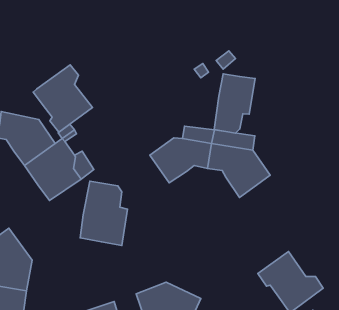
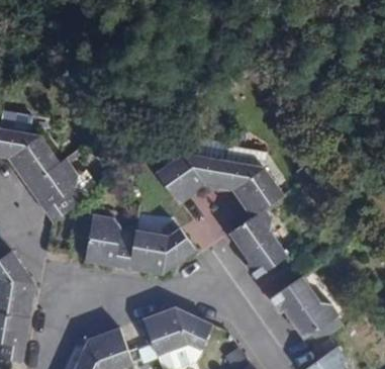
building: [33,65,92,132] -> none
building: [214,74,255,133] -> none
building: none -> [229,209,289,279]
building: none -> [128,228,195,275]

